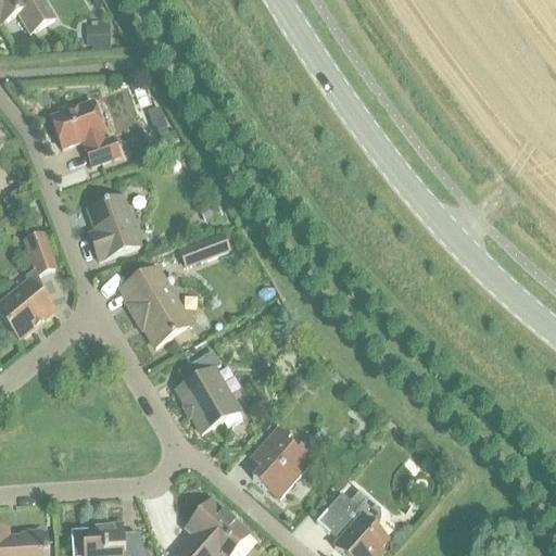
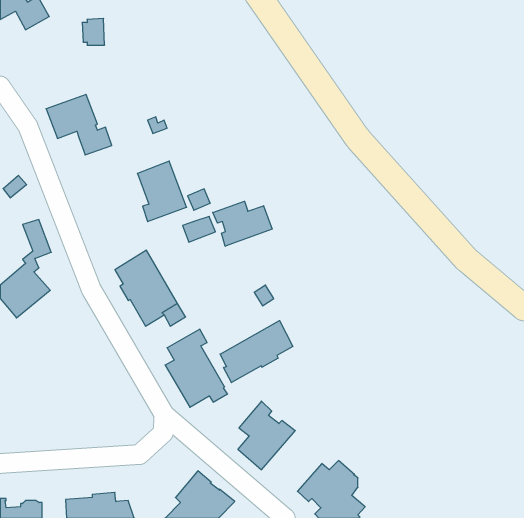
building: [87,194,139,258] -> [137,161,187,222]
building: none -> [213,201,272,246]
building: none -> [220,321,293,383]

